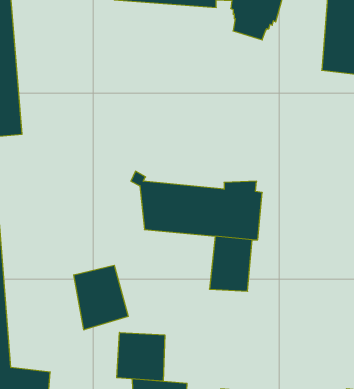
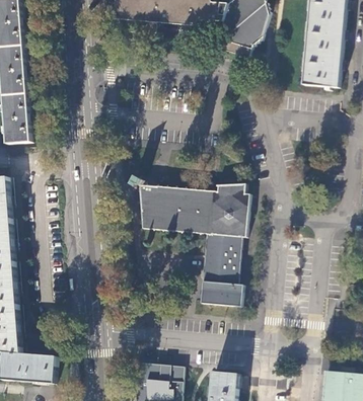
building: [74,265,128,330] -> none
building: none -> [200,280,241,305]
building: [117,332,165,381] -> none

